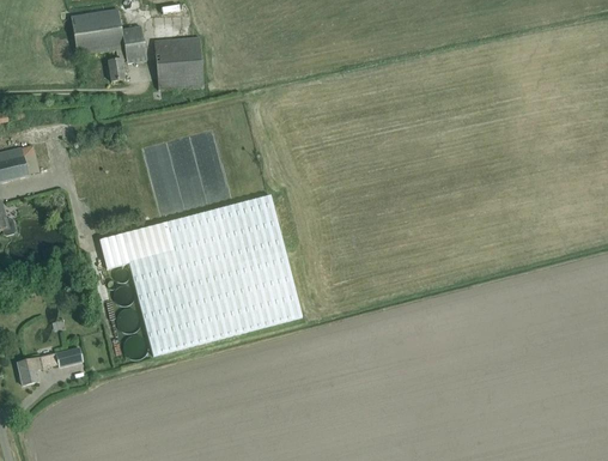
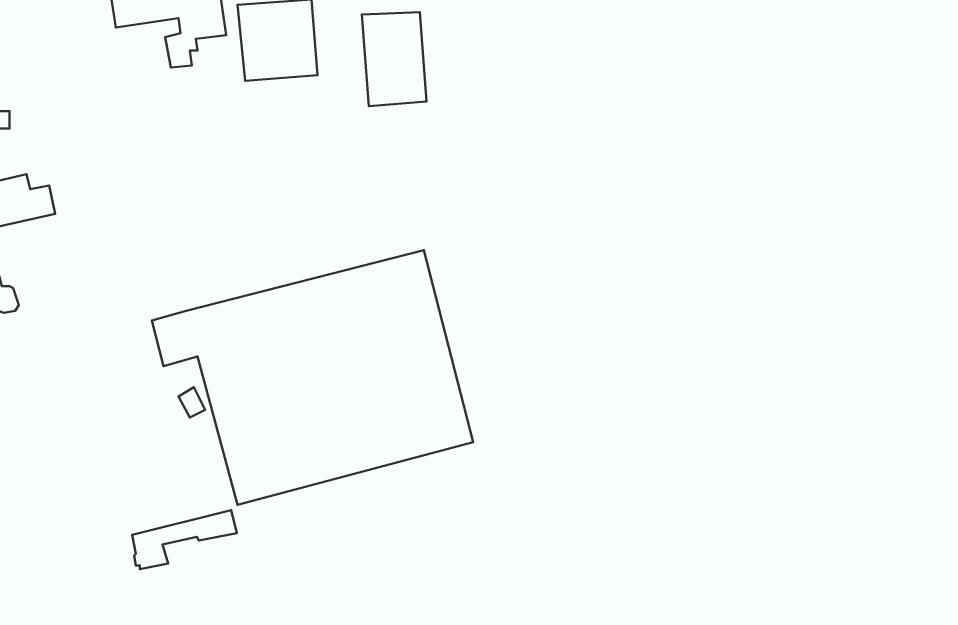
building: none -> [362,12,426,106]
building: [17,347,83,384] -> [132,510,237,569]

